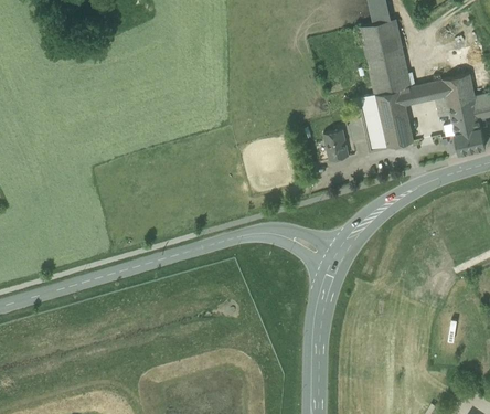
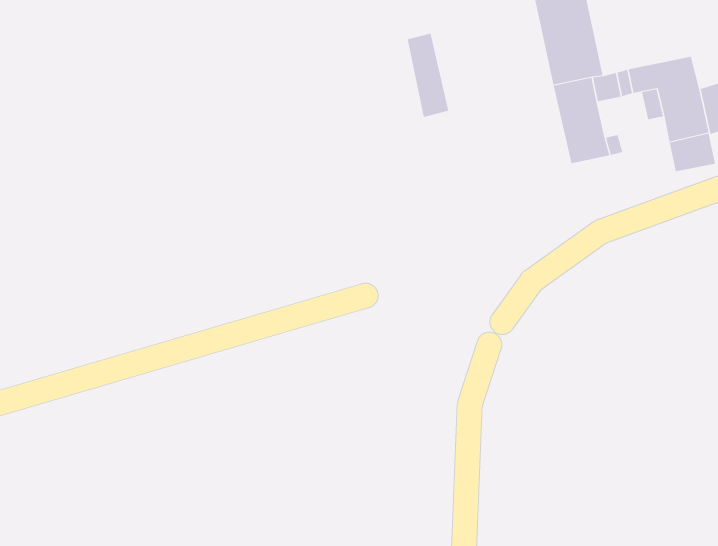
building: [359,93,387,150] -> [407,33,449,117]
building: [323,128,349,159] -> none

